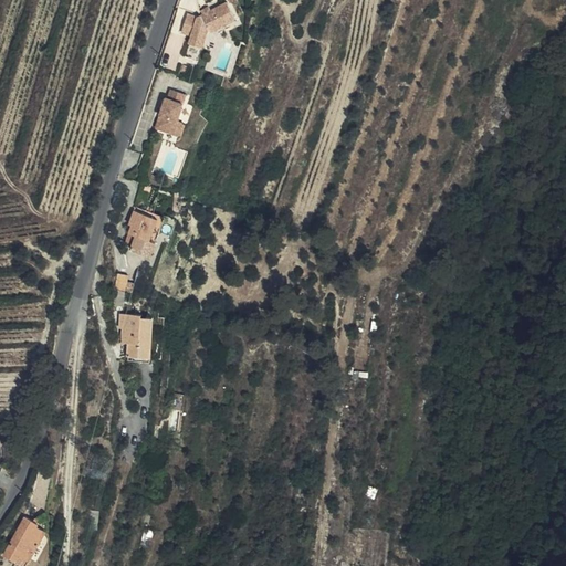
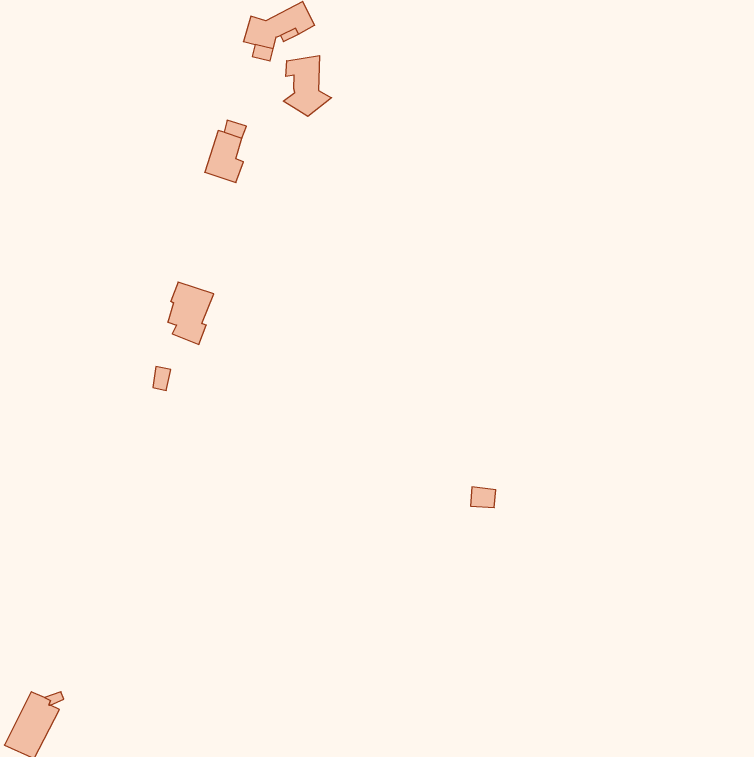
building: none -> [283,56,332,116]
building: [118,314,153,358] -> none

